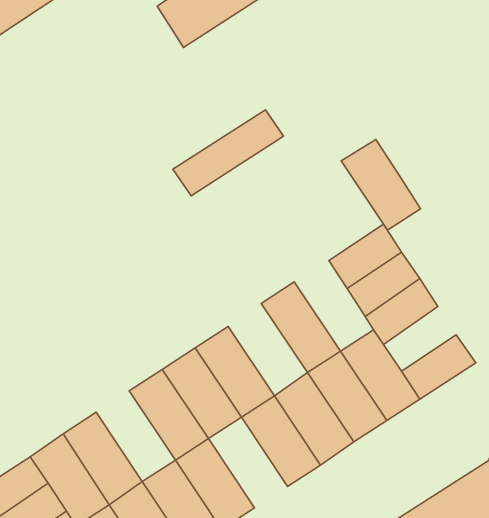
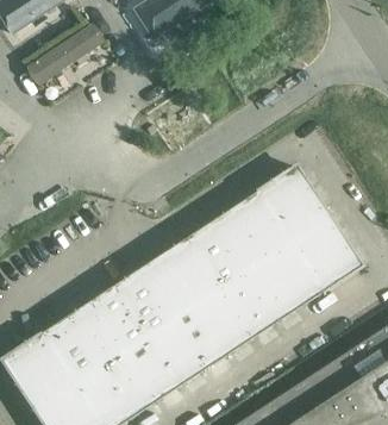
building: [173,110,284,196] -> [23,24,102,86]
building: [341,139,420,230] -> [230,194,287,260]
building: none -> [182,225,239,292]
building: none -> [294,227,346,274]
building: none -> [87,288,144,354]
building: none -> [168,307,225,373]

